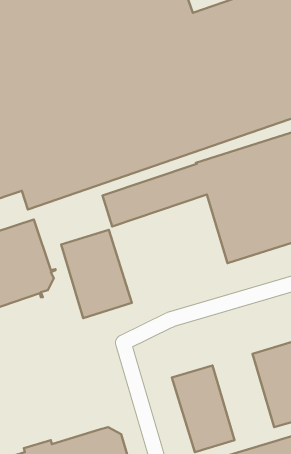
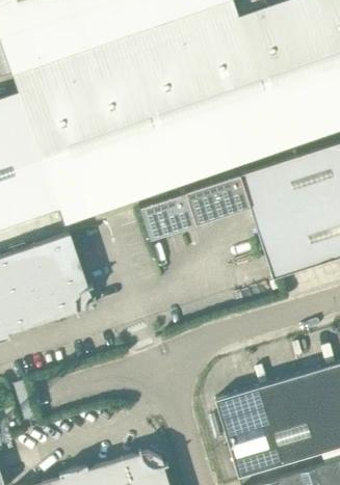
building: [61,230,132,318] -> none
building: none -> [257,375,321,465]

